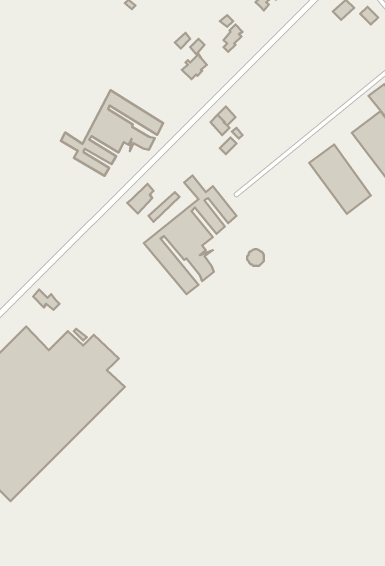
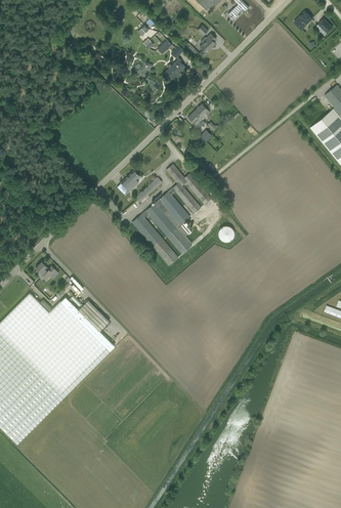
building: [61,90,163,176] -> none
building: [309,145,371,214] -> none

